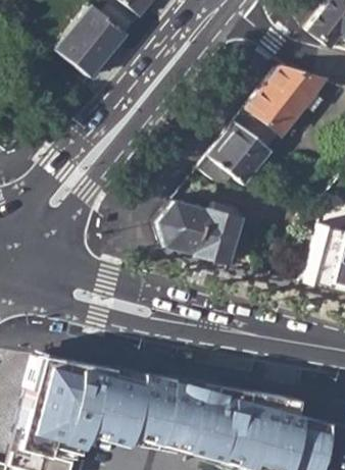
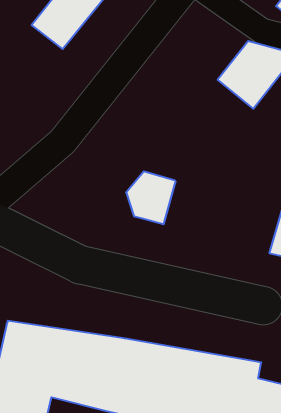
building: [201,119,275,182] -> none
building: [193,207,239,263] -> none

